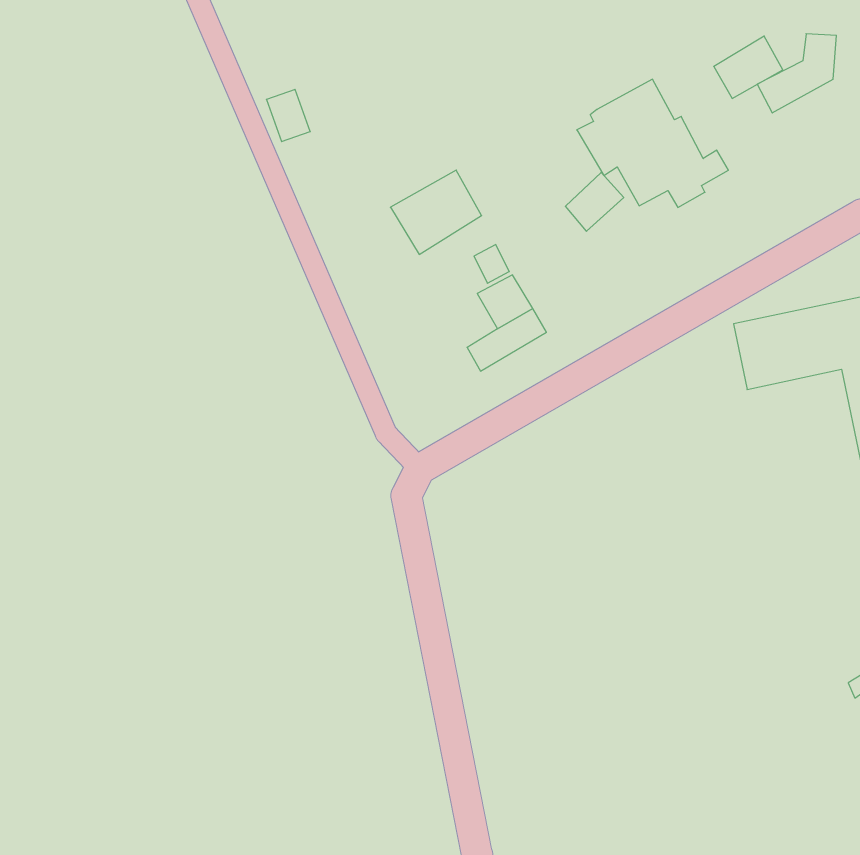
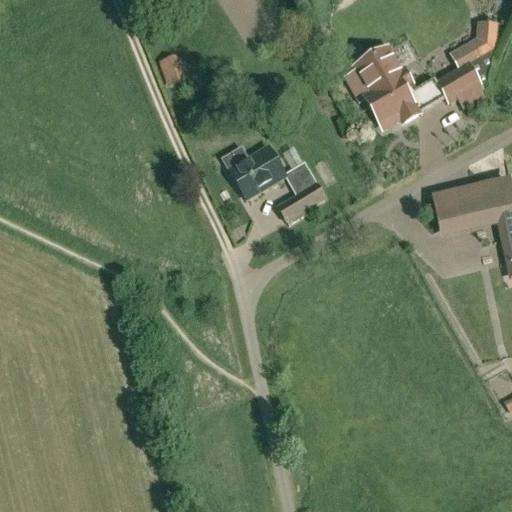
building: [714,36,783,98] -> [438,64,479,101]
building: [390,170,482,254] -> [230,147,284,197]
building: [565,172,624,231] -> none

